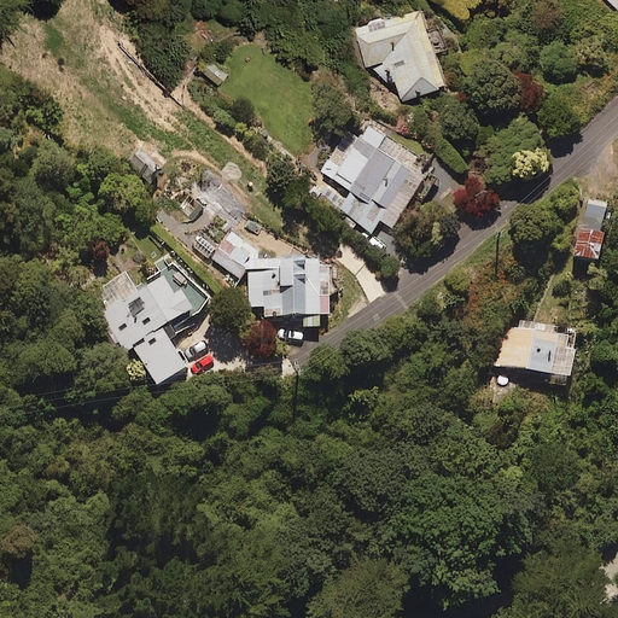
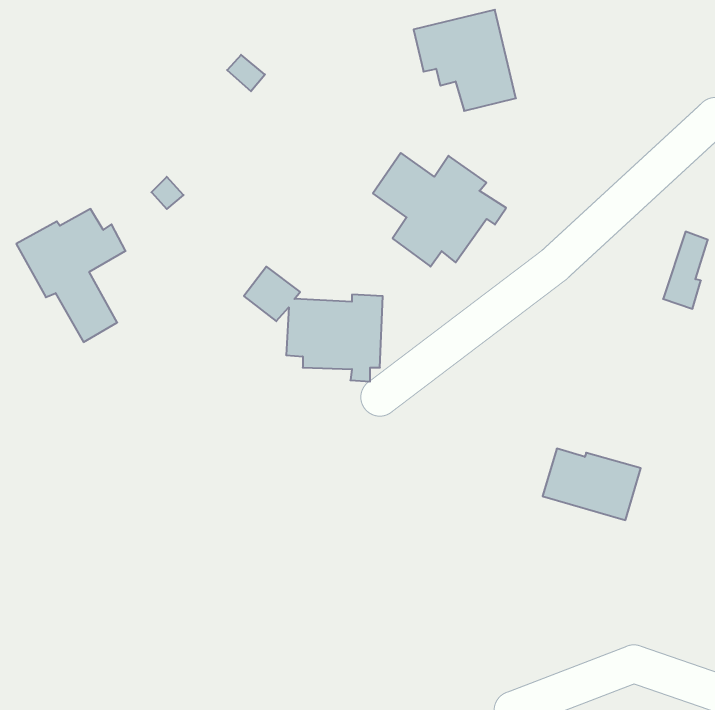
building: [98,276,192,391] -> [16,209,126,342]
building: [496,321,581,383] -> [543,449,641,520]

